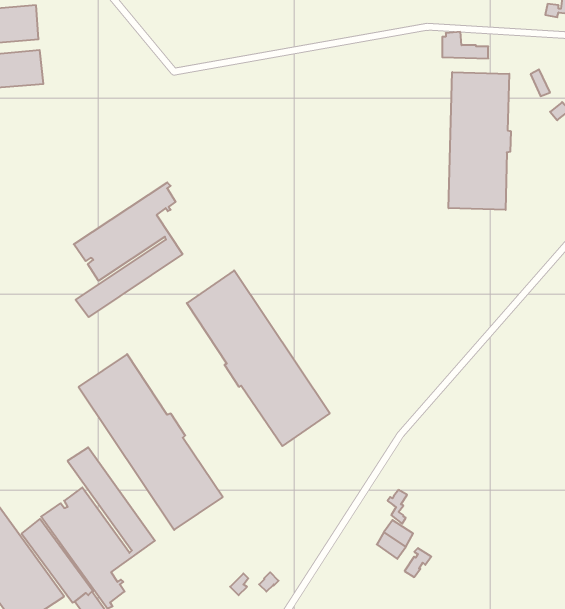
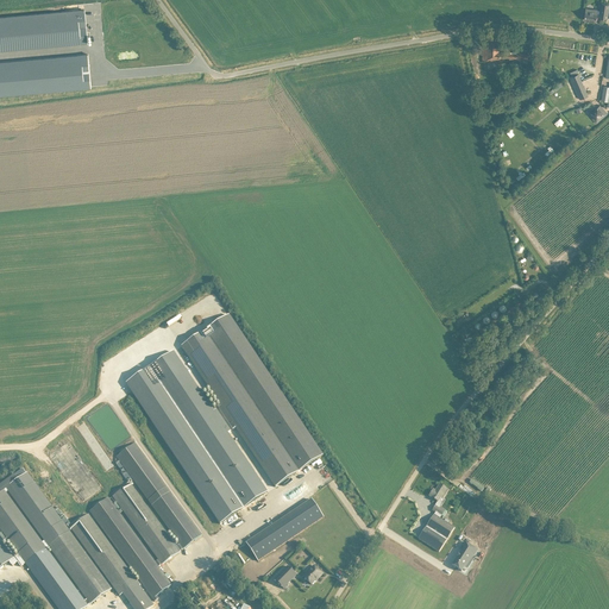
building: [449,72,511,210] -> none
building: [74,182,182,317] -> none
building: [187,270,330,446] -> [181,314,321,486]
building: none -> [245,498,322,560]

